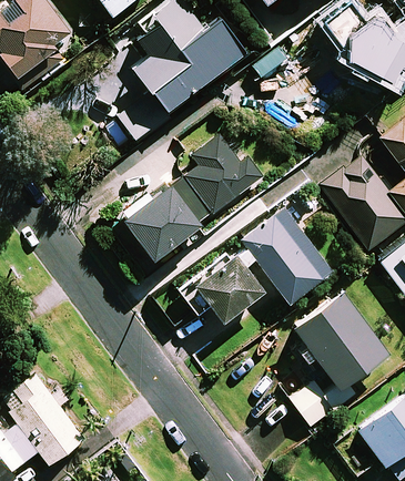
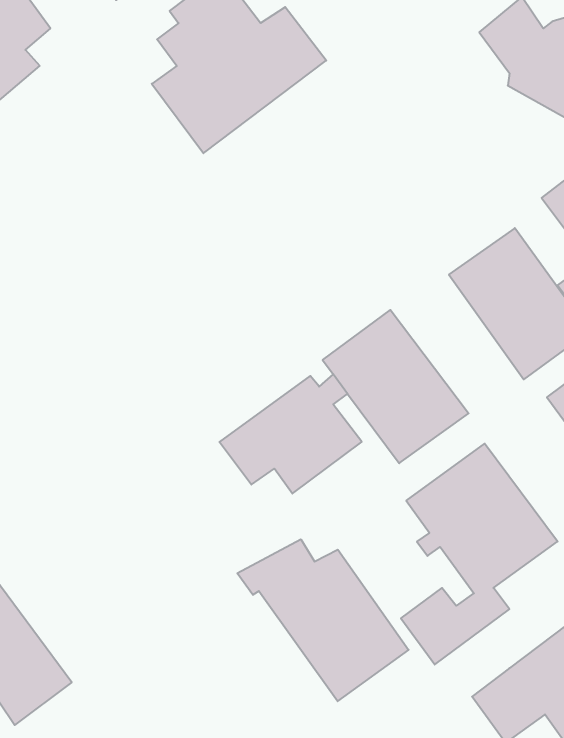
building: [123,135,263,259] -> none
building: none -> [237,539,409,701]

